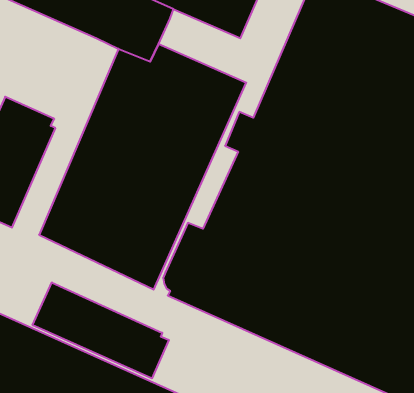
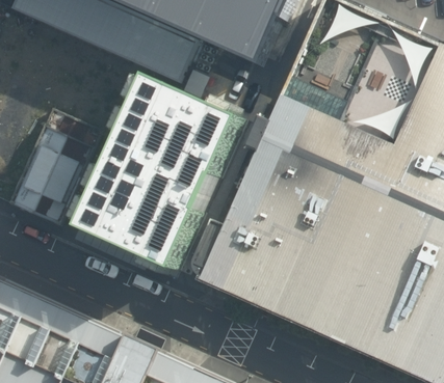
building: [33,282,169,378] -> none

